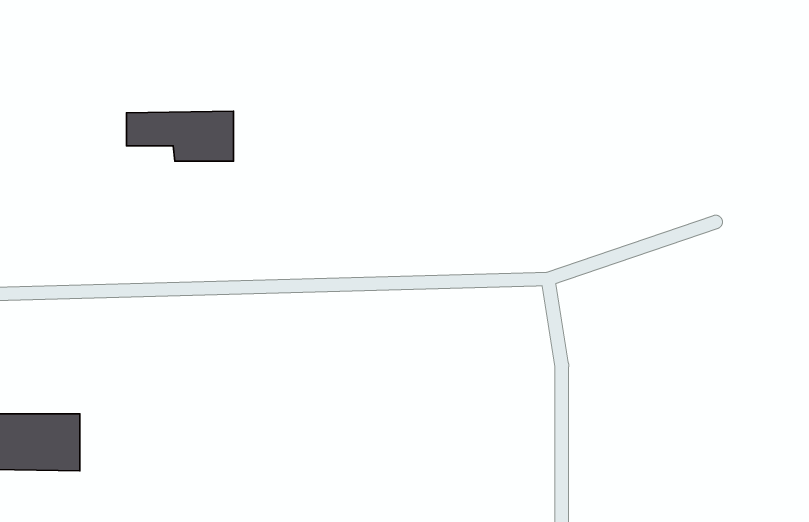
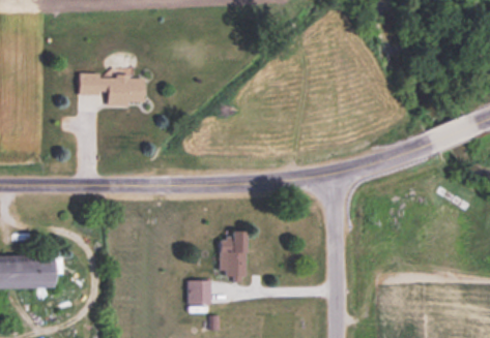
building: none -> [221,235,247,278]
building: none -> [190,281,211,305]

